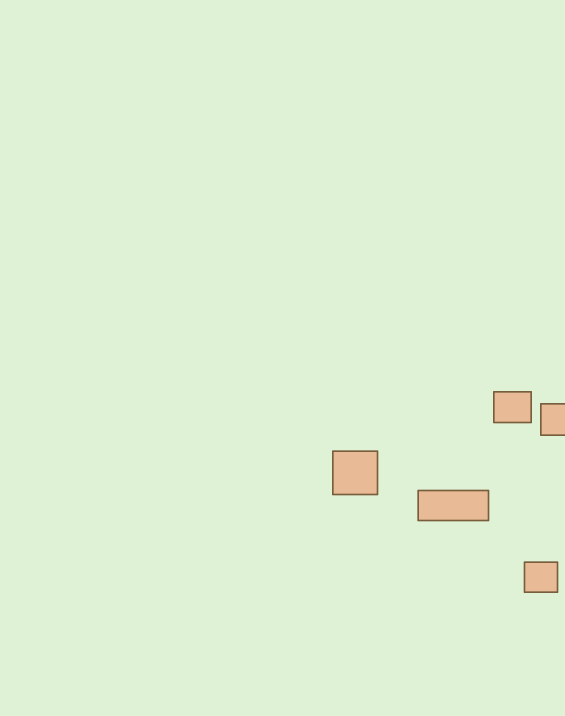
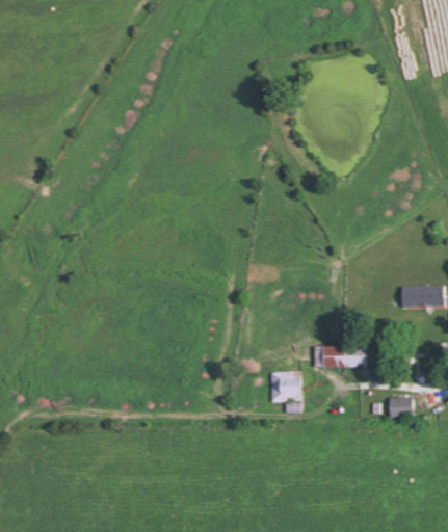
building: [494,392,531,422] -> none
building: [333,451,378,495] -> [270,371,301,401]

